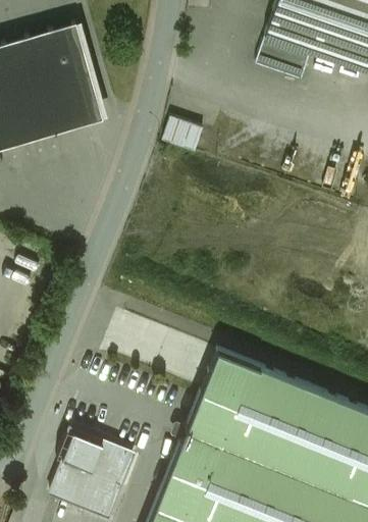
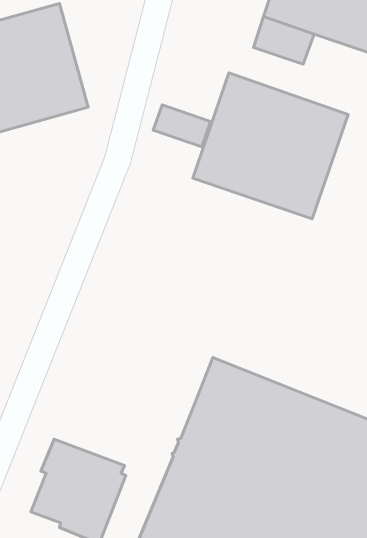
building: none -> [193,73,348,219]

